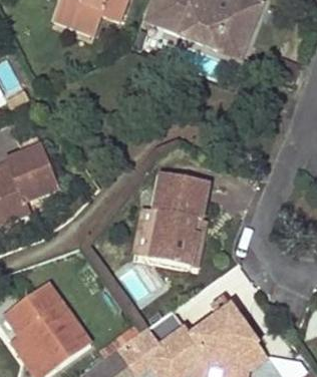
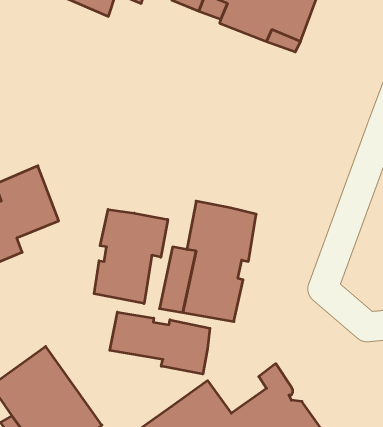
building: none -> [94,209,168,304]
building: none -> [110,312,210,374]

